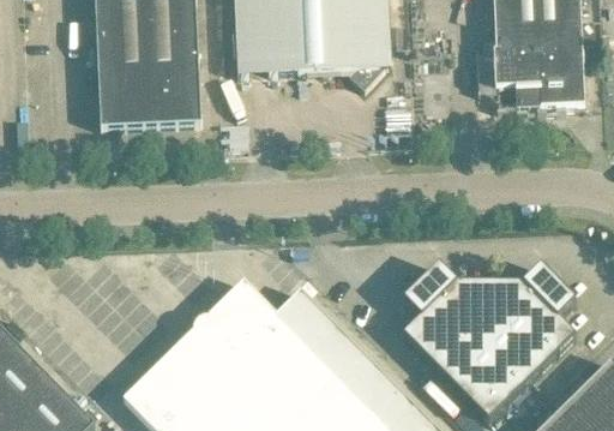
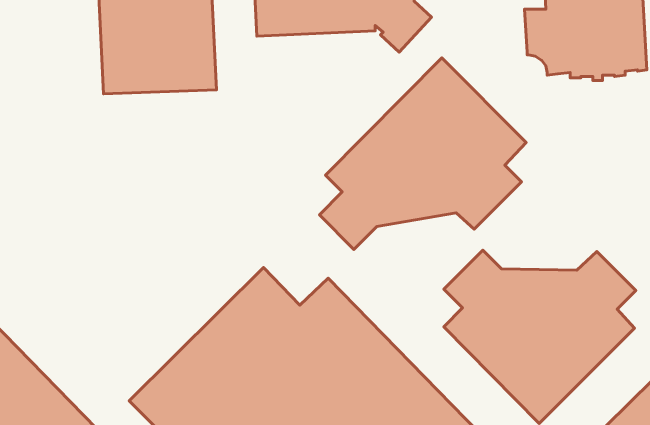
building: none -> [319,58,526,249]

